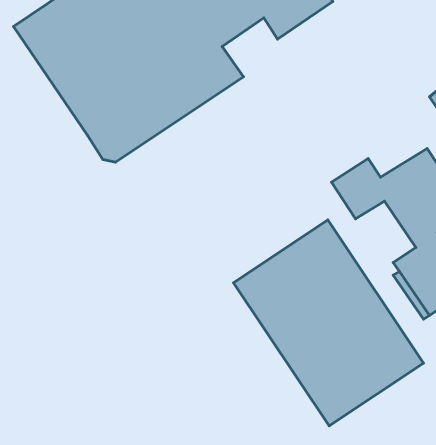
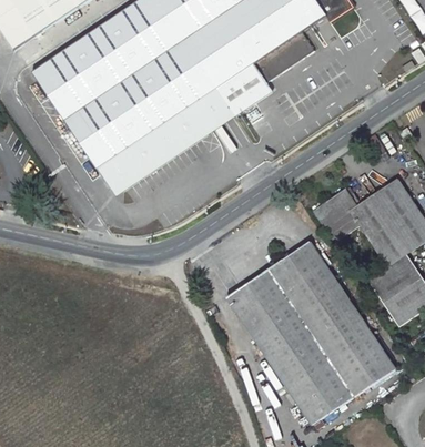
building: none -> [216,63,272,115]

